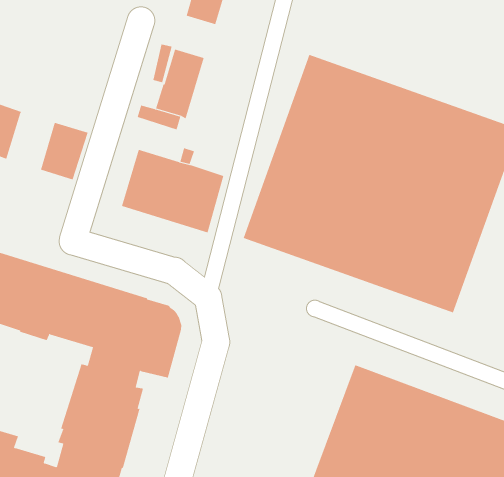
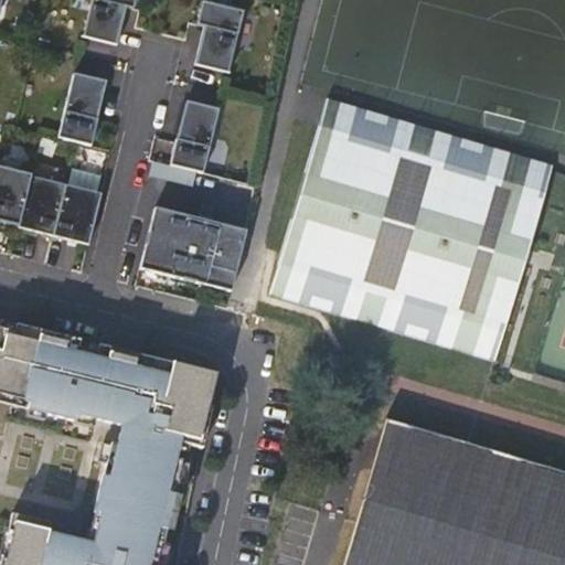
building: none -> [58,74,106,146]
building: none -> [18,178,65,236]

